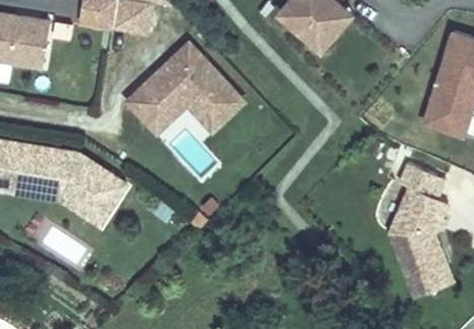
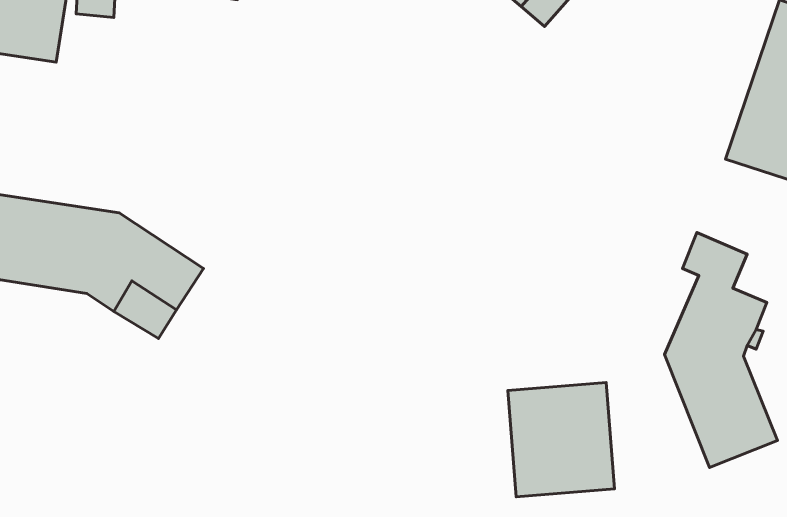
building: [127,41,255,143] -> none
building: none -> [508,383,614,497]

